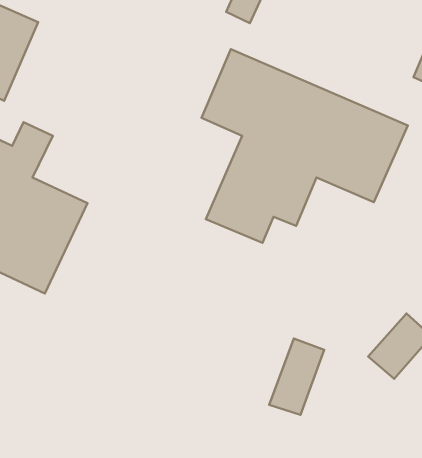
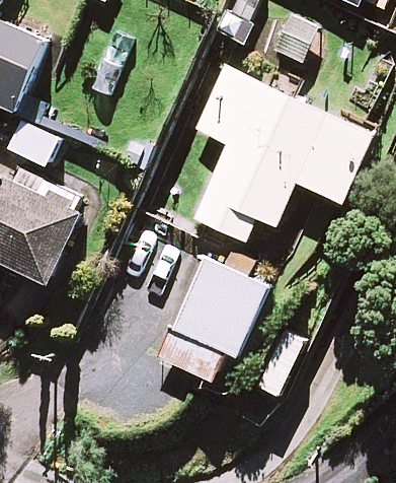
building: none -> [157,257,266,380]

